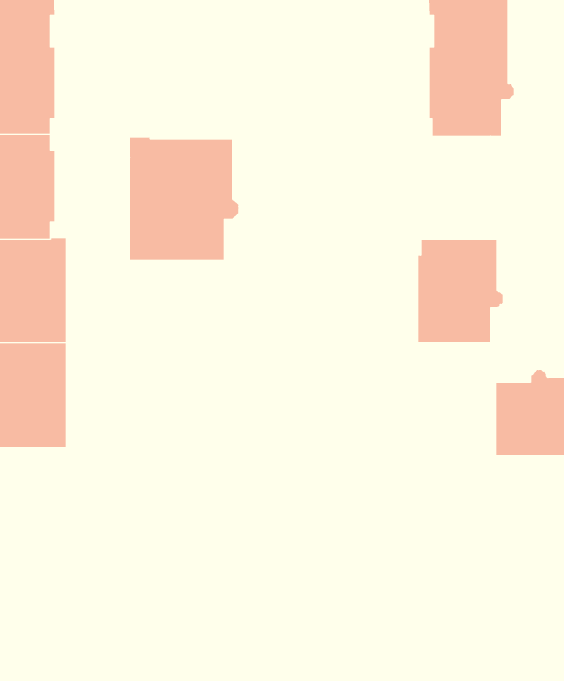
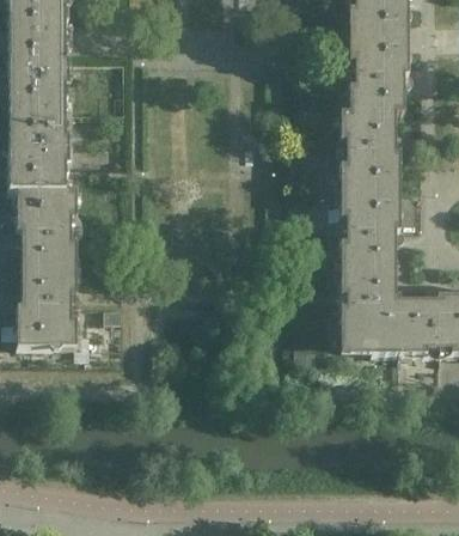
building: none -> [341,109,405,188]
building: [130,137,239,261] -> none
building: none -> [341,266,399,351]

